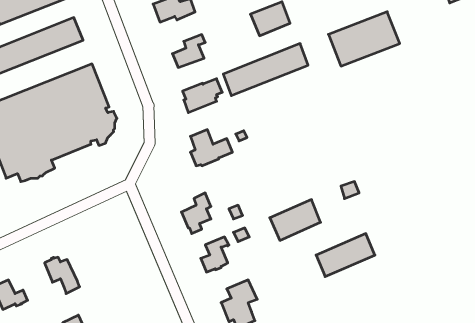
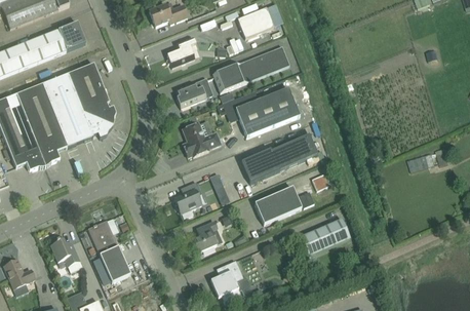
building: [328,12,400,66] -> [235,87,300,137]
building: none -> [240,134,317,183]
building: none -> [87,220,130,282]

